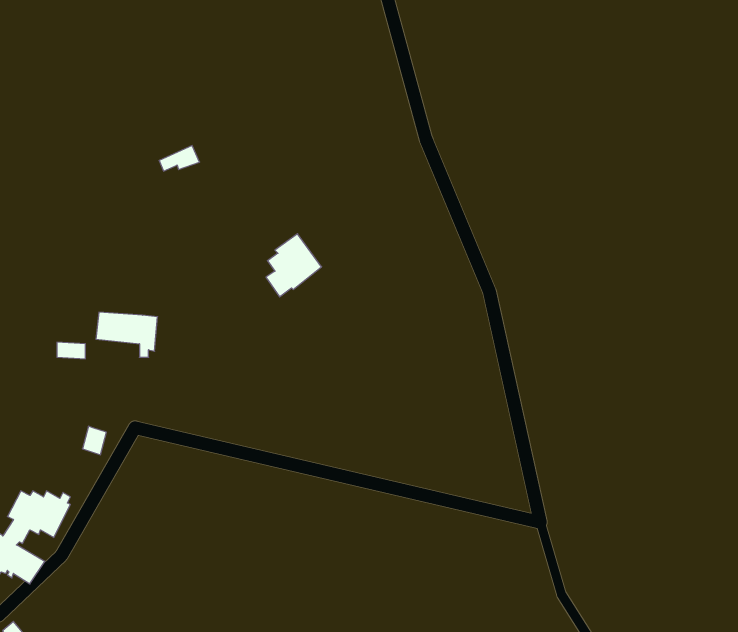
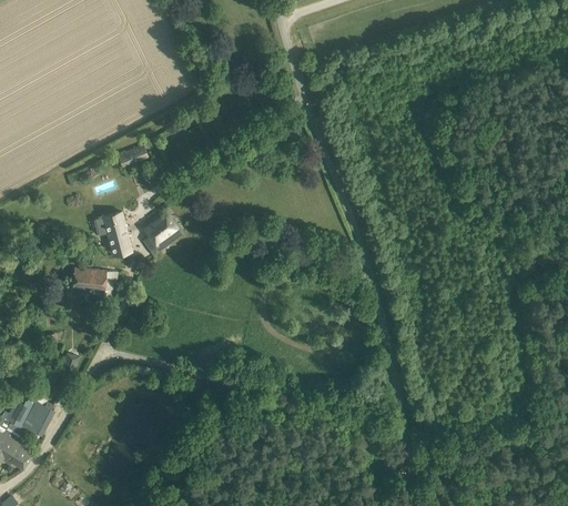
building: [266,234,322,297] -> [142,209,183,255]
building: none -> [94,212,131,255]

